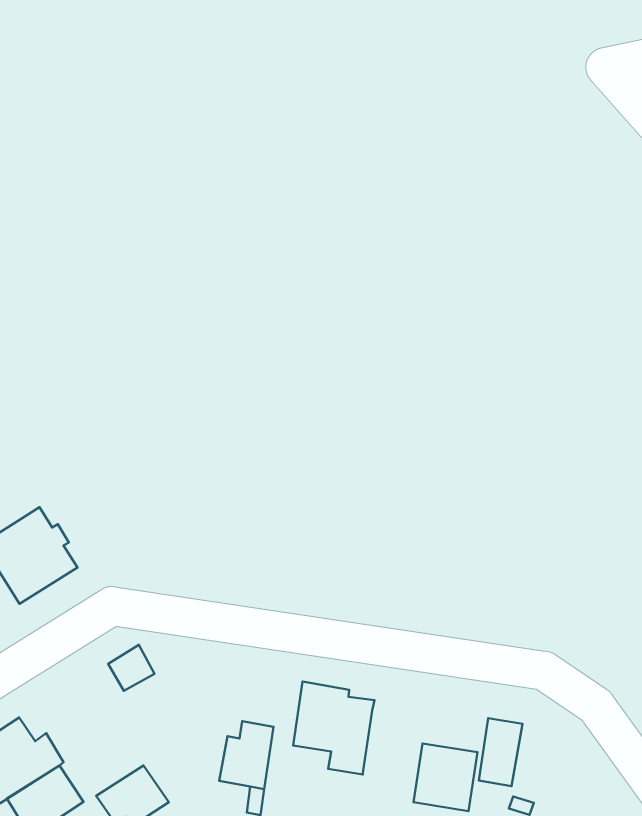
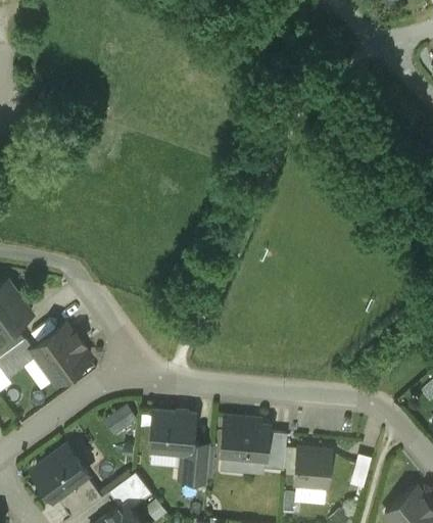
building: none -> [150,411,194,453]
building: [479,718,523,786] -> [263,431,287,470]

